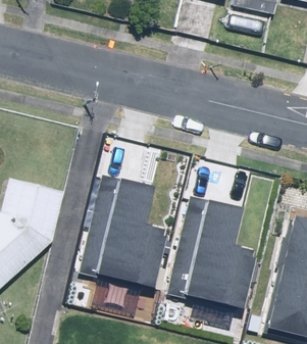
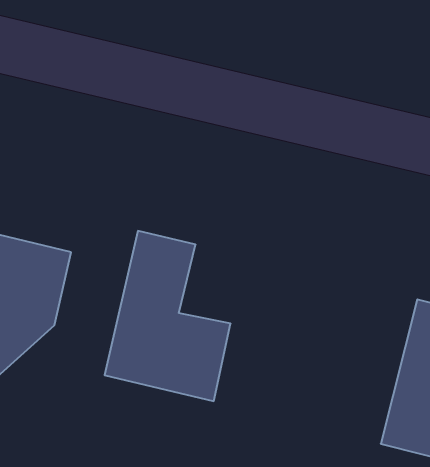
building: [169,198,254,311] -> none

